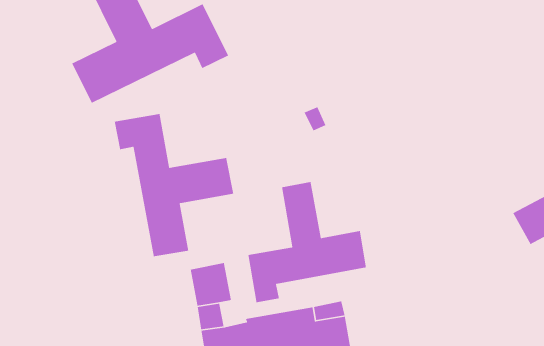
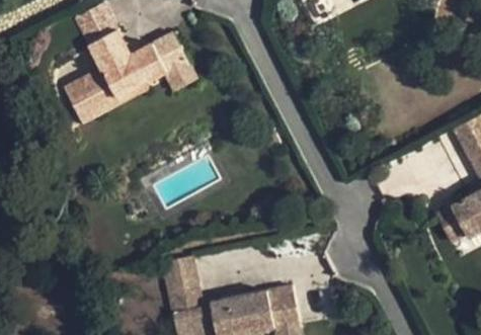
building: [114,113,234,257] -> none
building: [247,181,367,303] -> none

